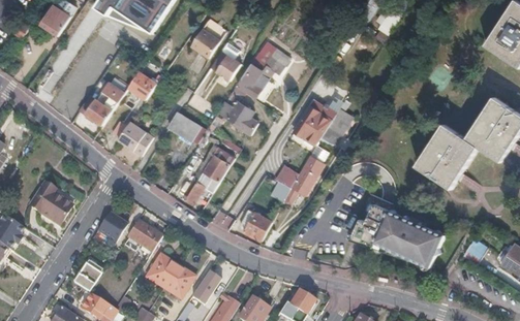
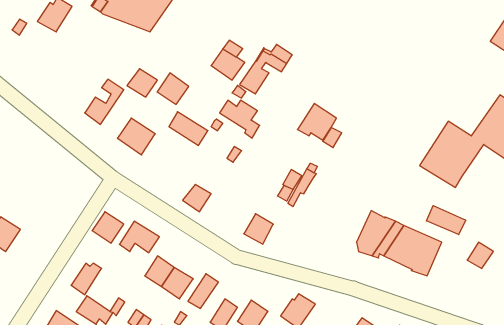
building: [193,24,224,55] -> [157,73,189,104]
building: [205,153,233,180] -> none
building: [34,186,70,224] -> none
building: none -> [426,206,466,235]

